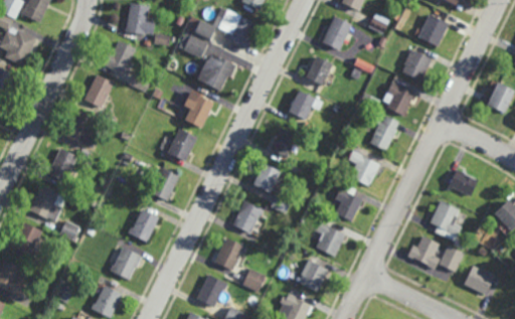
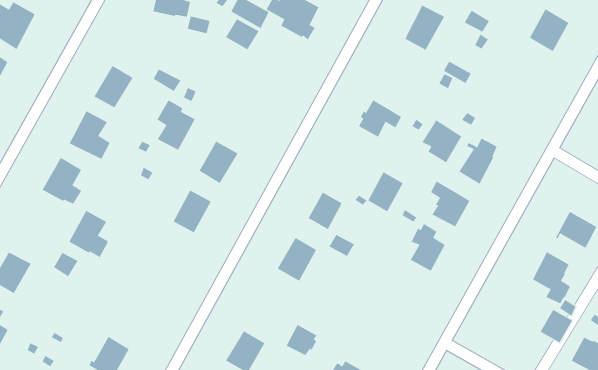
building: [103,40,135,75] -> none
building: [401,48,432,79] -> none
building: [204,53,237,89] -> none
building: [305,55,333,86] -> none
building: [382,82,413,115] -> [422,120,462,163]
building: [184,88,214,127] -> [157,99,196,151]
building: [271,127,298,158] -> [367,172,403,212]
building: [30,184,61,220] -> [69,210,109,258]
building: [128,208,159,242] -> none
building: [314,219,345,256] -> none
building: [407,235,440,269] -> none
building: [215,237,245,270] -> none
building: [111,247,142,279] -> none
building: [299,260,328,292] -> none

